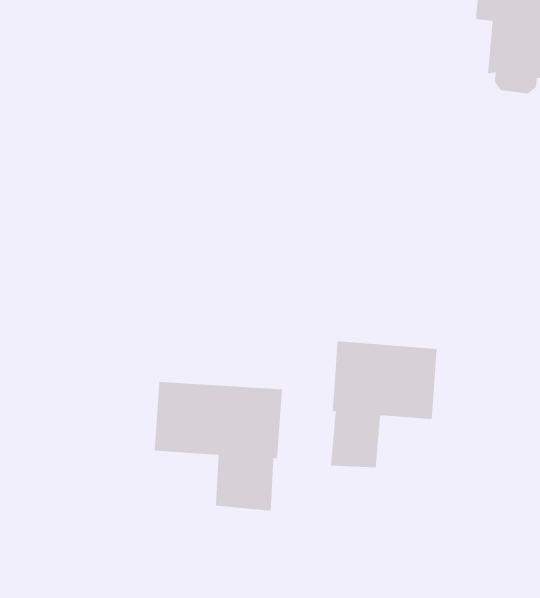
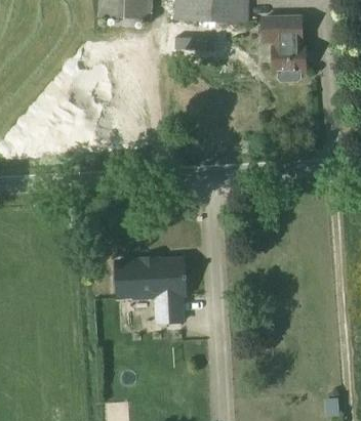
building: [331,340,437,468] -> none

